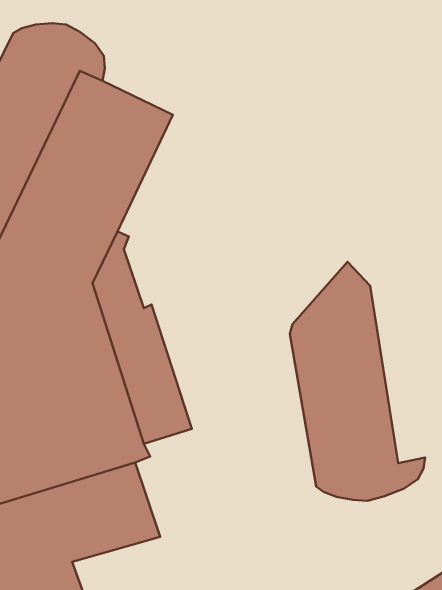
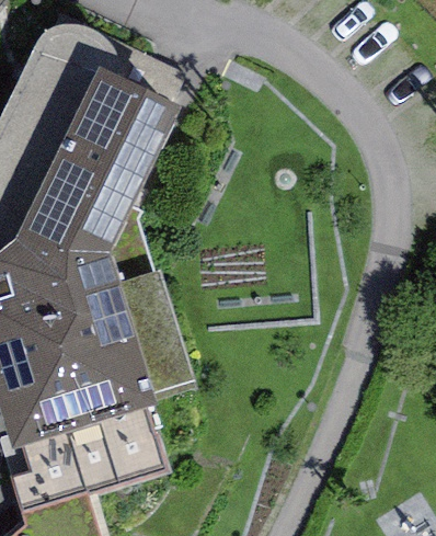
building: [290,262,425,501] -> none

